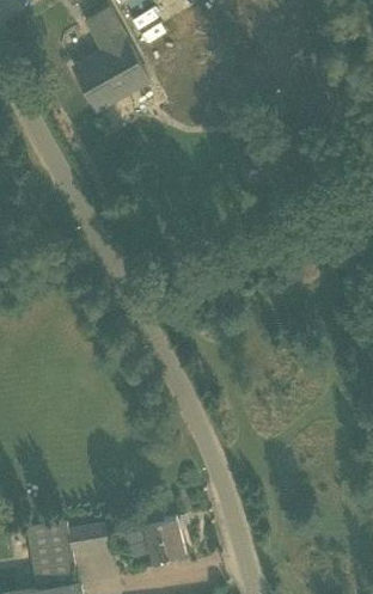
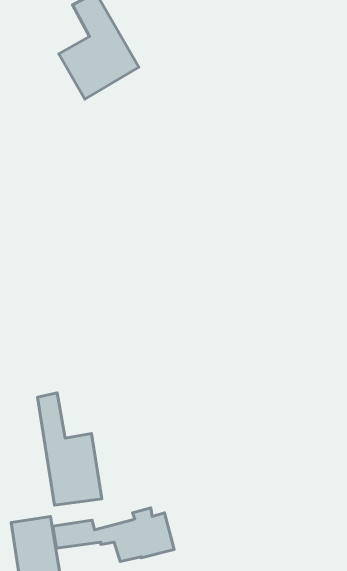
building: none -> [38,393,102,505]

